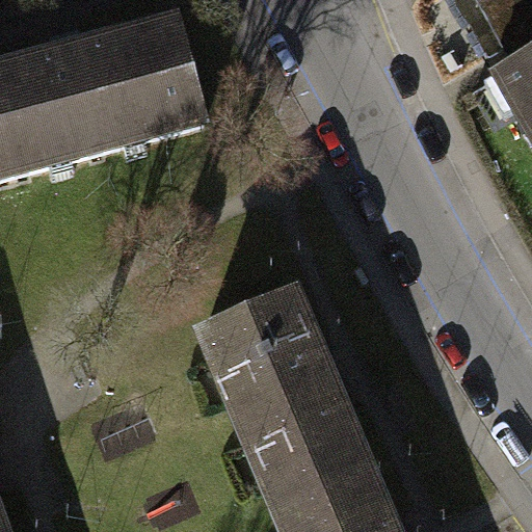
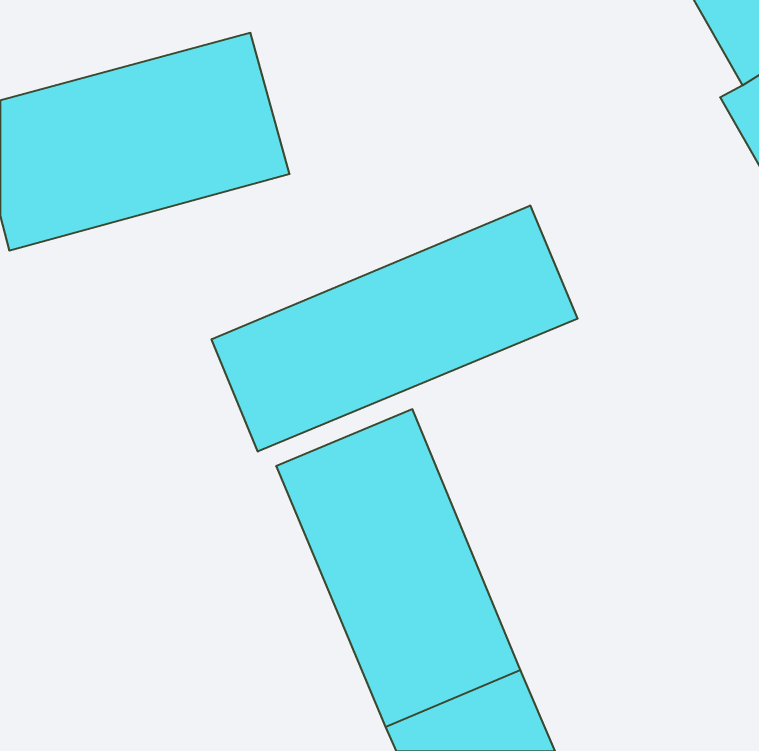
building: none -> [212,205,578,452]

